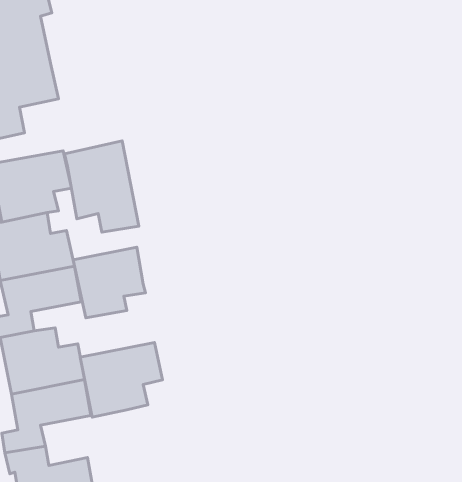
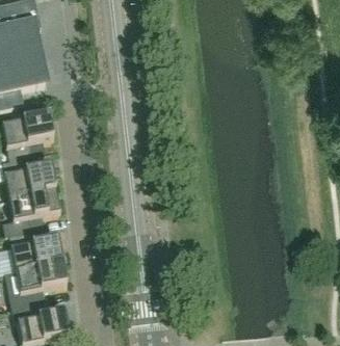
building: [64,141,139,232] -> none
building: [73,247,145,318] -> none
building: [80,342,163,417] -> none

